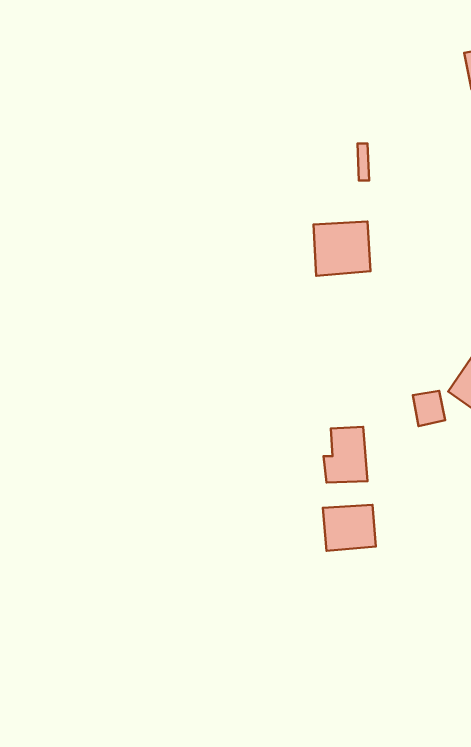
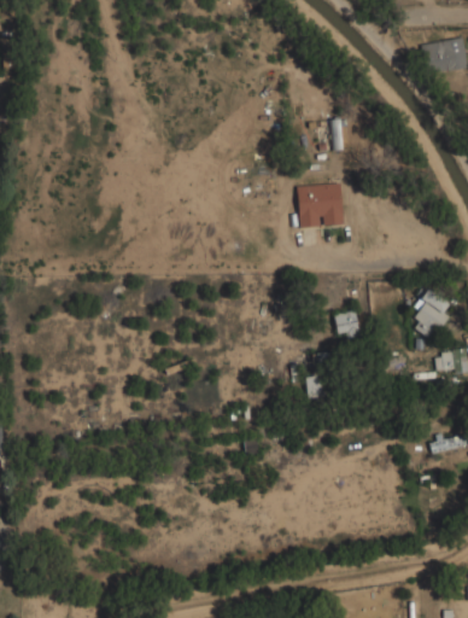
building: [413,391,445,426] -> [334,310,361,339]
building: [323,505,376,551] -> none

